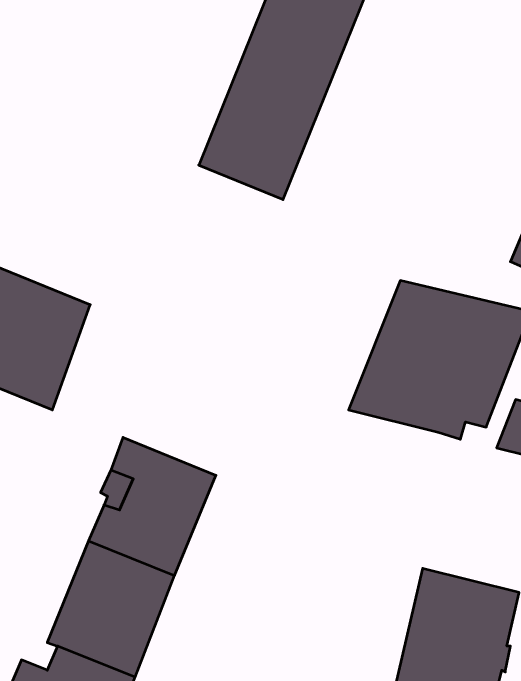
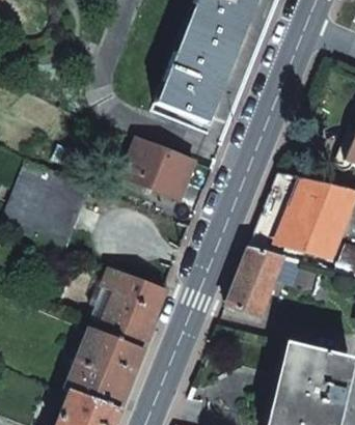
building: none -> [124,139,196,201]
building: none -> [225,250,301,319]

